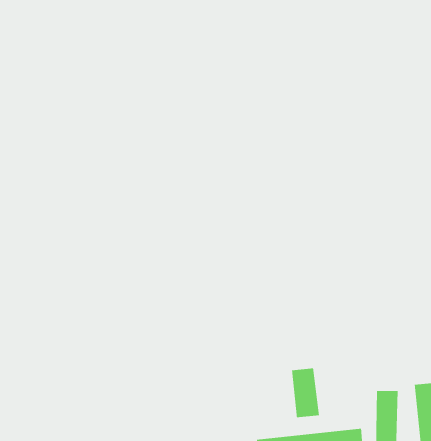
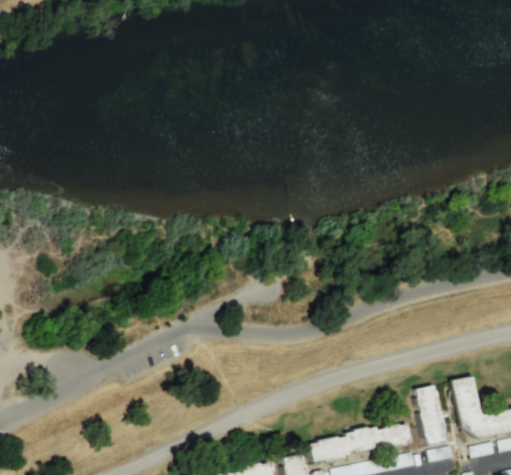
building: [291,367,320,418] -> none

